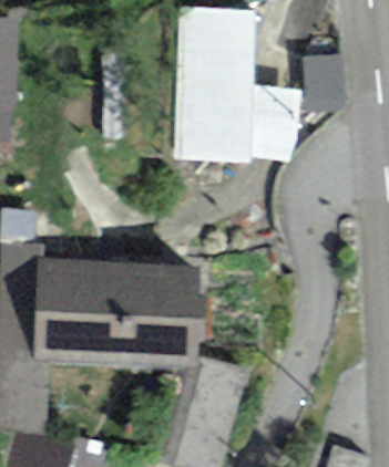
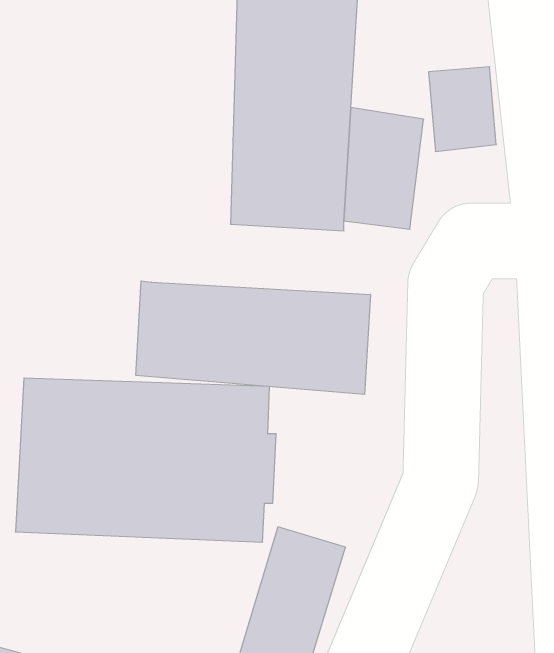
building: none -> [136,281,371,394]

